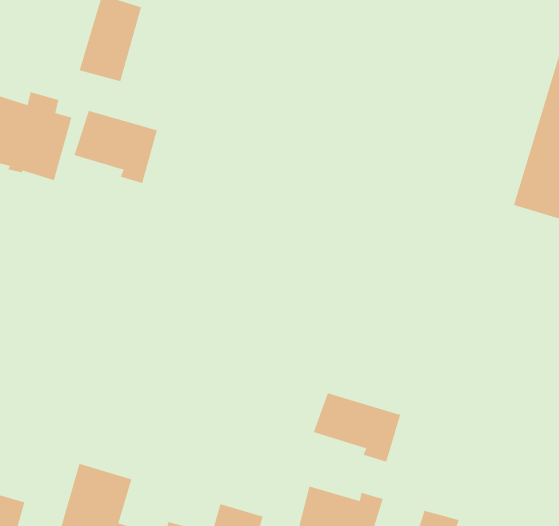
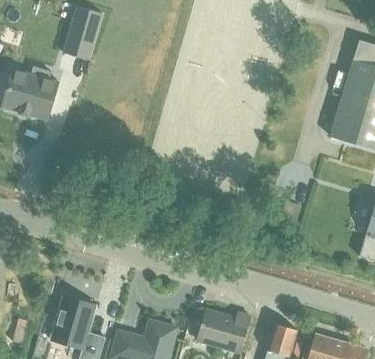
building: [74,110,157,184] -> none
building: [313,392,401,463] -> none

